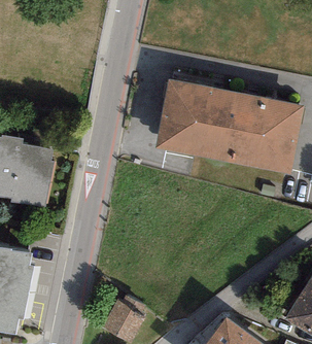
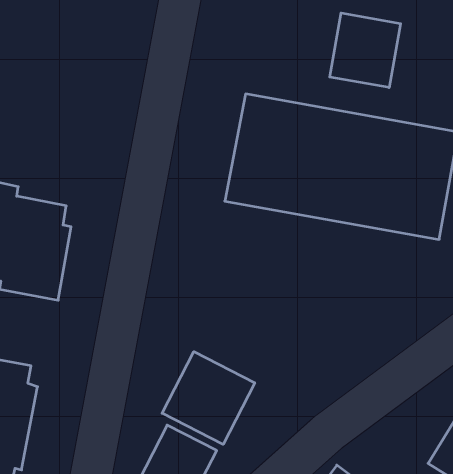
building: none -> [330,13,401,88]
building: none -> [162,352,255,444]

